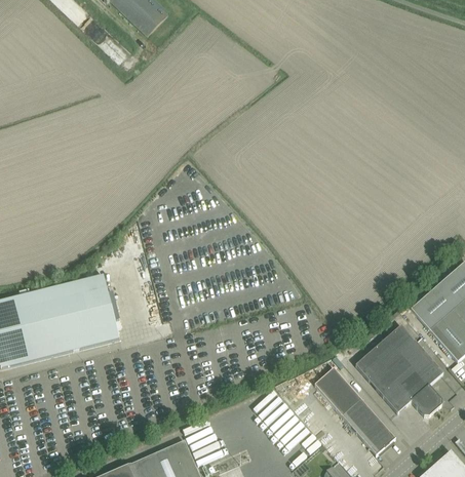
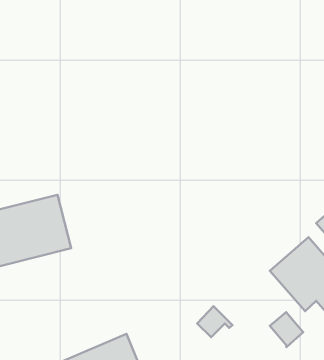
building: [315,367,375,430] -> none

